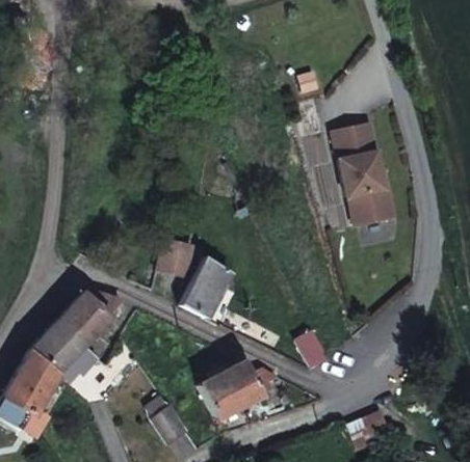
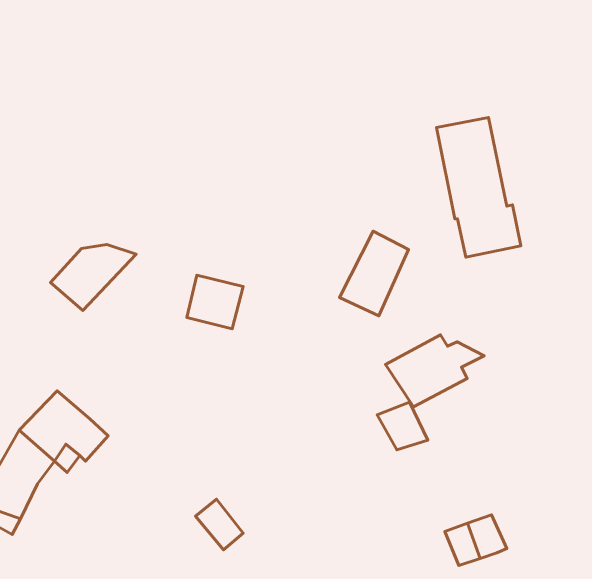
building: [177,256,228,319] -> [340,231,409,316]
building: [55,295,119,344] -> [50,244,136,311]
building: [205,364,278,417] -> [385,335,484,407]

